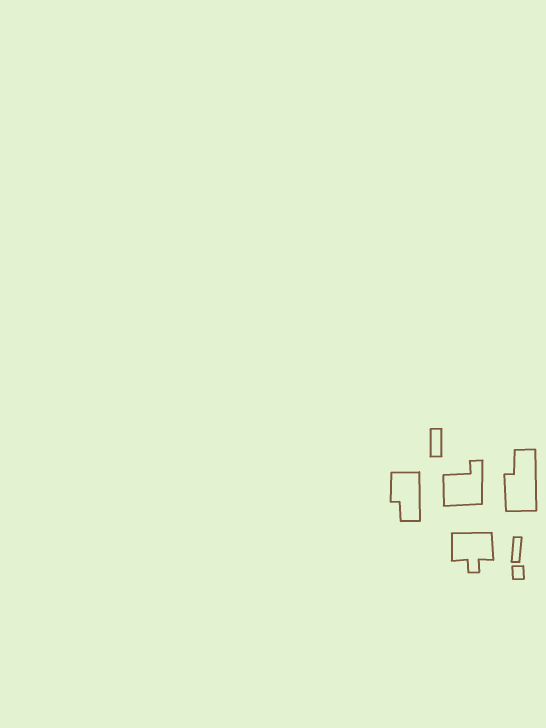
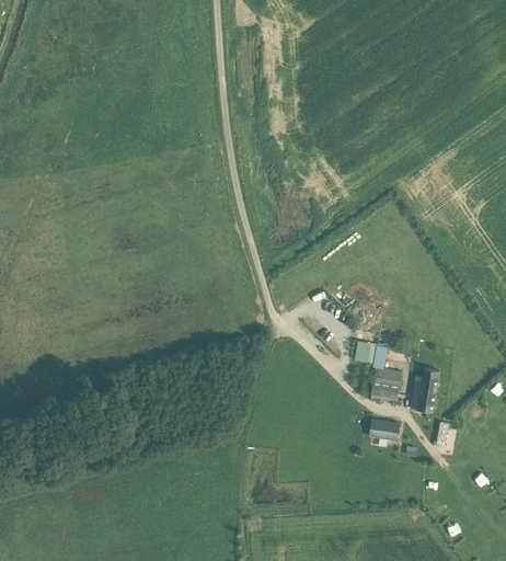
building: [391,472,420,521] -> none

